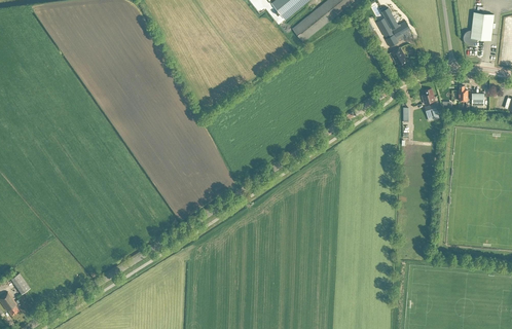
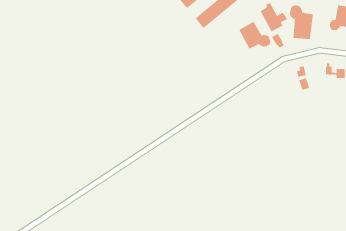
building: none -> [289,4,313,40]
building: none -> [239,21,271,50]

